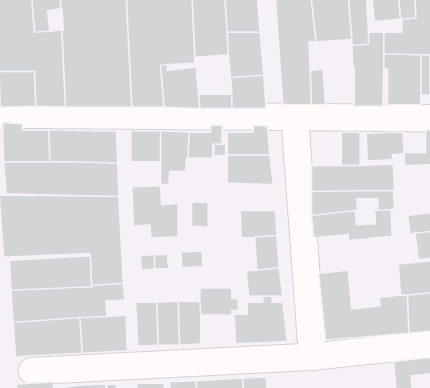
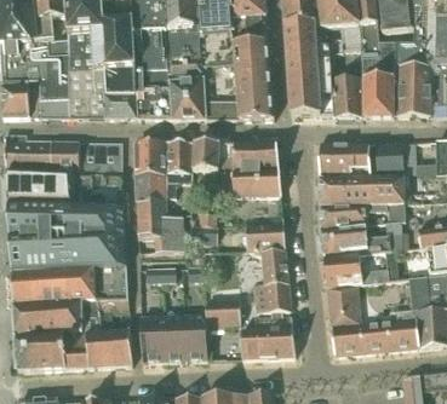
building: none -> [332,76,363,115]
building: none -> [319,142,350,175]
building: none -> [136,172,166,197]
building: none -> [323,248,397,285]

